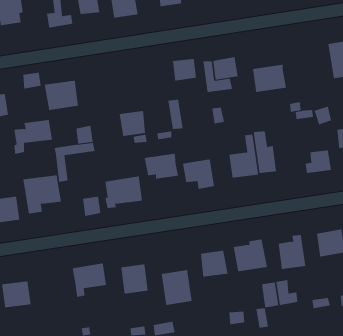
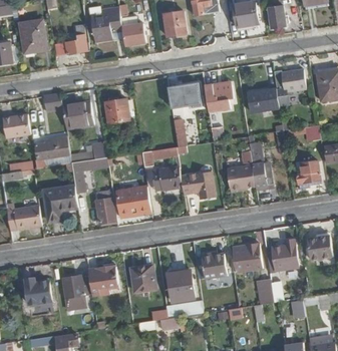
building: none -> [273,69,305,92]
building: [119,110,146,136] -> [104,98,128,121]
building: none -> [62,278,92,311]

